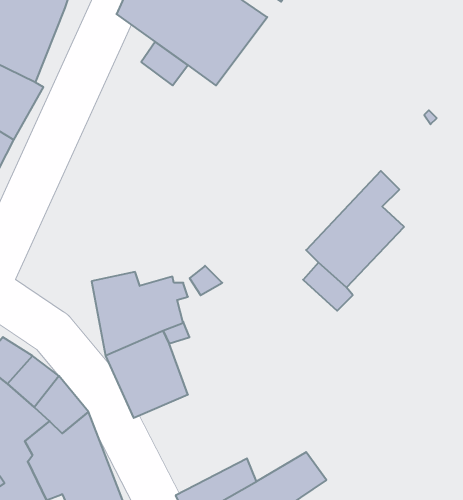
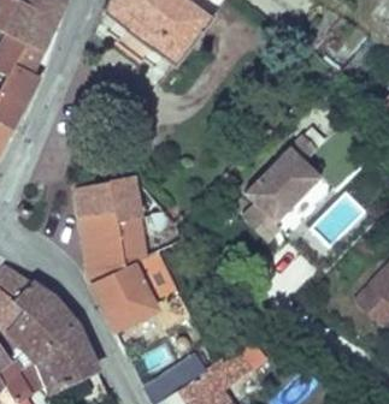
building: none -> [72,174,153,222]

